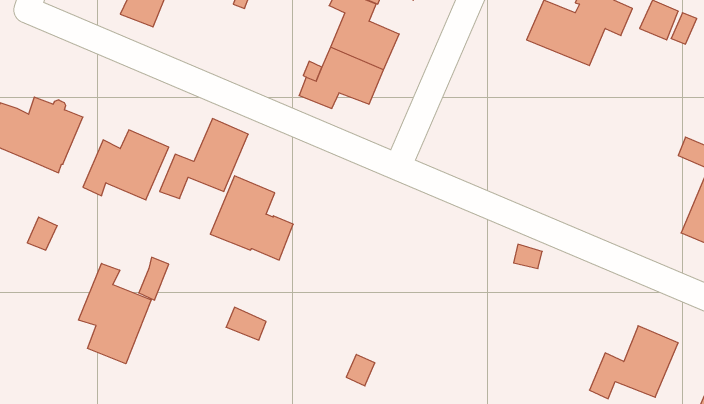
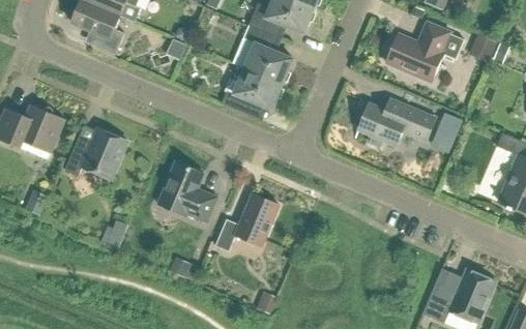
building: none -> [357,96,436,149]
building: none -> [430,112,460,151]
building: [160,119,248,199] -> [213,192,277,250]
building: [79,263,151,364] -> none

